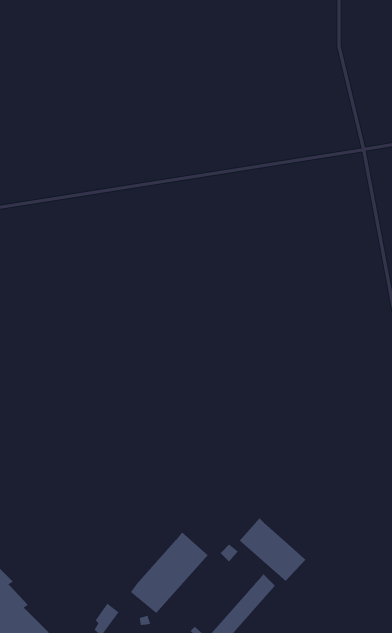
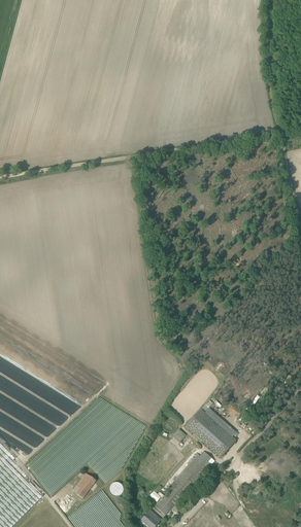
building: [130,532,208,614] -> none

